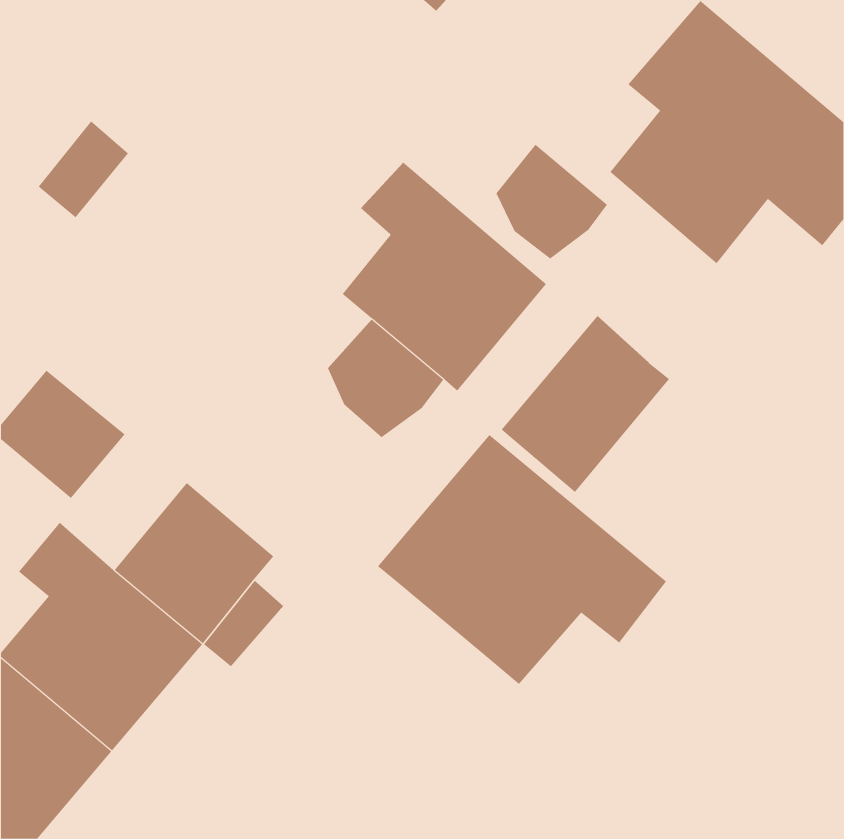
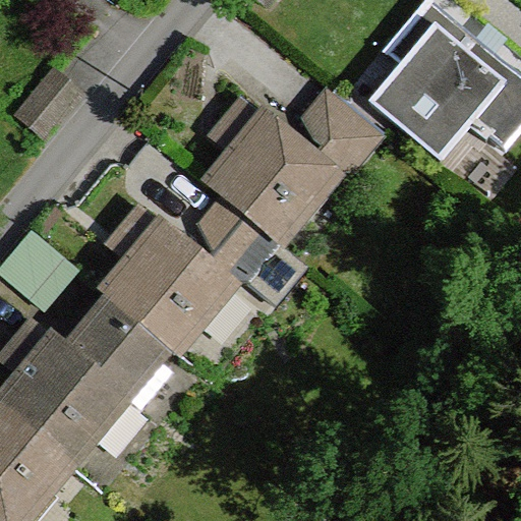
building: [501,315,670,493] -> none
building: none -> [107,209,233,350]
building: [377,434,667,685] -> none

